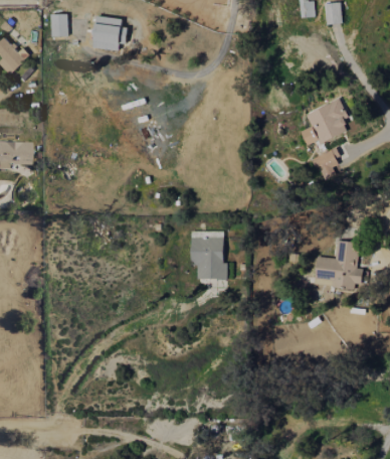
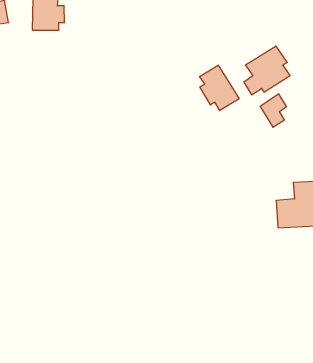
building: none -> [200,65,239,111]
building: [191,232,227,279] -> none

